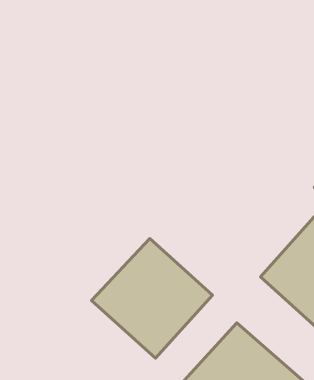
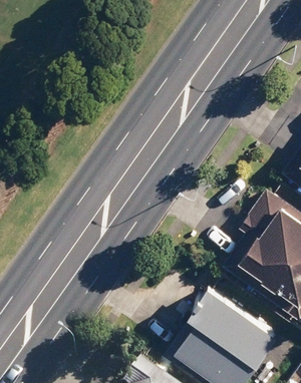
building: [92,239,213,358] -> none

